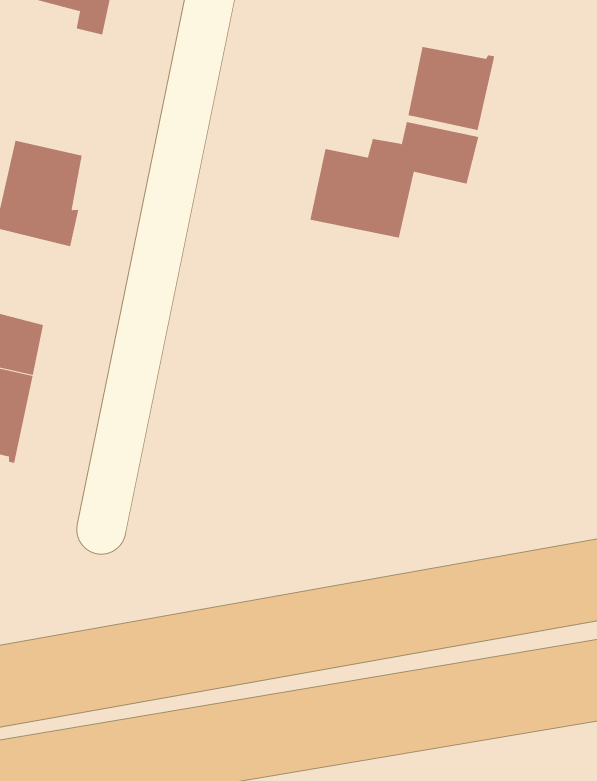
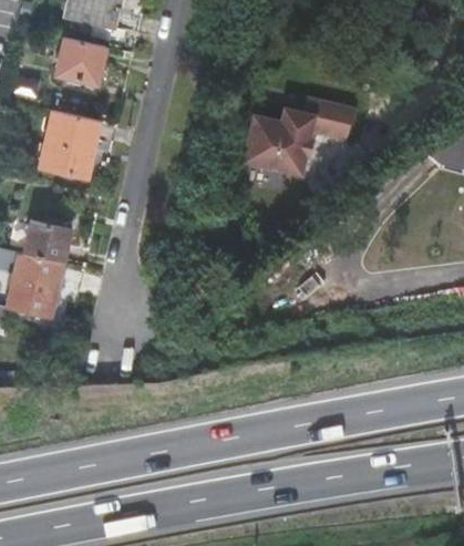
building: none -> [58,38,106,85]
building: [408,46,495,131] -> none

